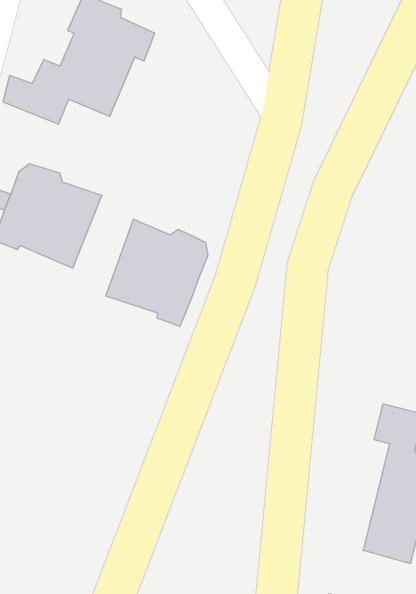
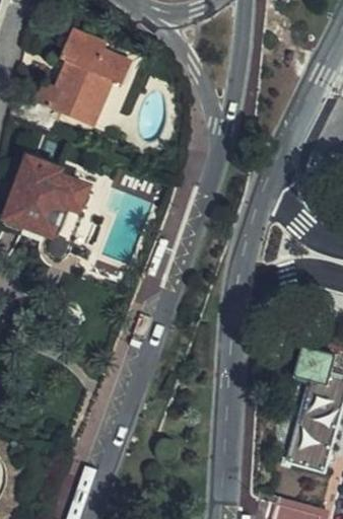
building: [106,219,208,327] -> none

